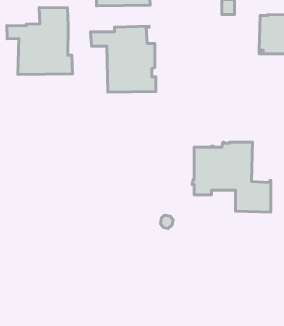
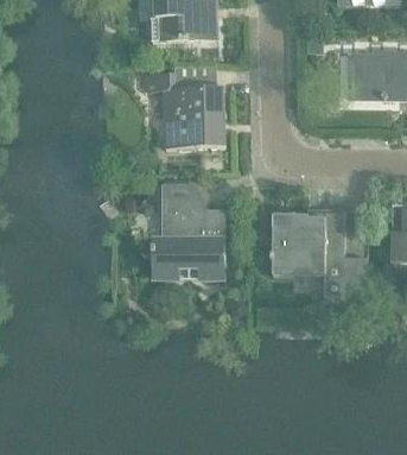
building: [7,8,72,74] -> none
building: none -> [151,183,223,278]

